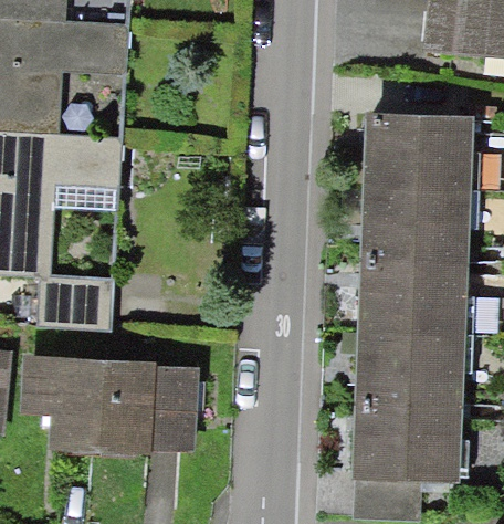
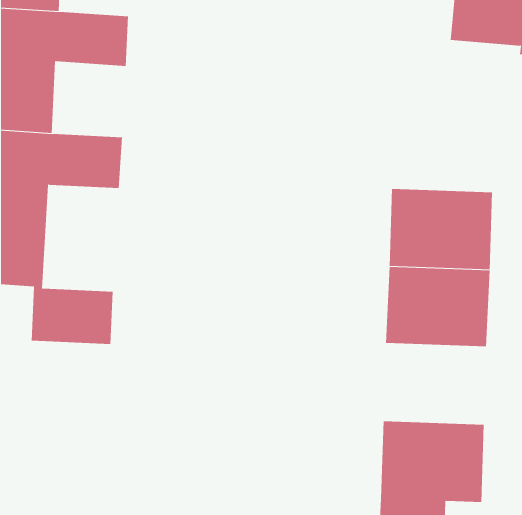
building: [369,115,465,190] -> none
building: [361,329,458,405] -> none
building: [29,359,195,457] -> none

